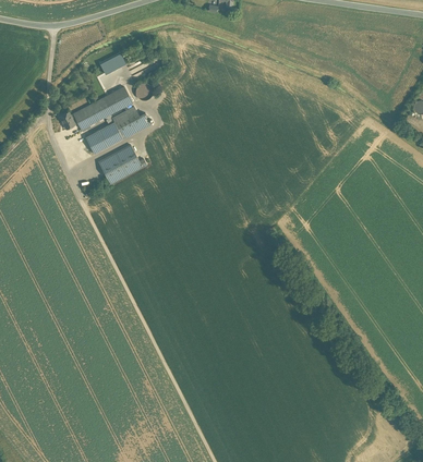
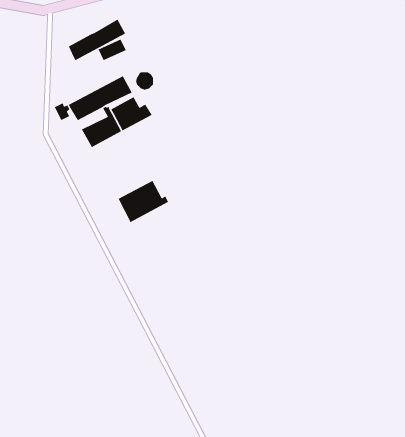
building: none -> [68,18,126,61]
building: [98,144,146,184] -> [117,180,169,223]

